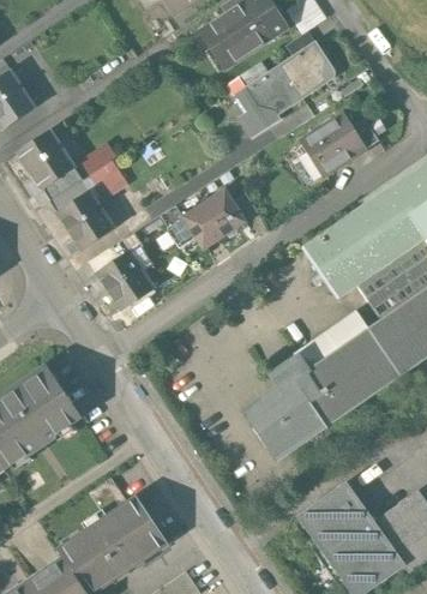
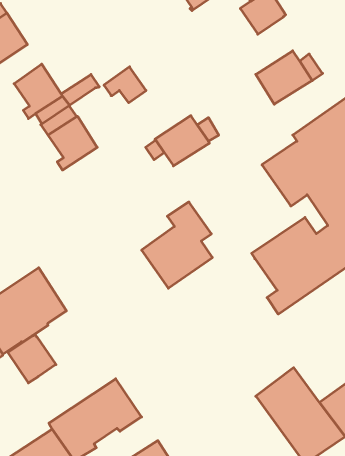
building: [237,66,301,138] -> none
building: [82,158,131,200] -> [104,67,146,103]
building: [97,252,154,314] -> none
building: [242,358,325,458] -> [142,202,212,288]
building: none -> [8,335,56,383]

